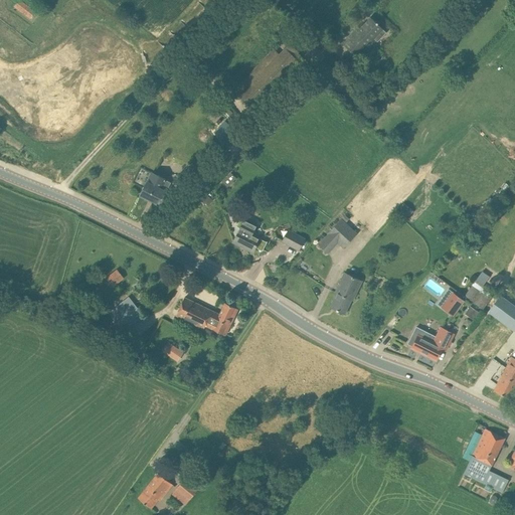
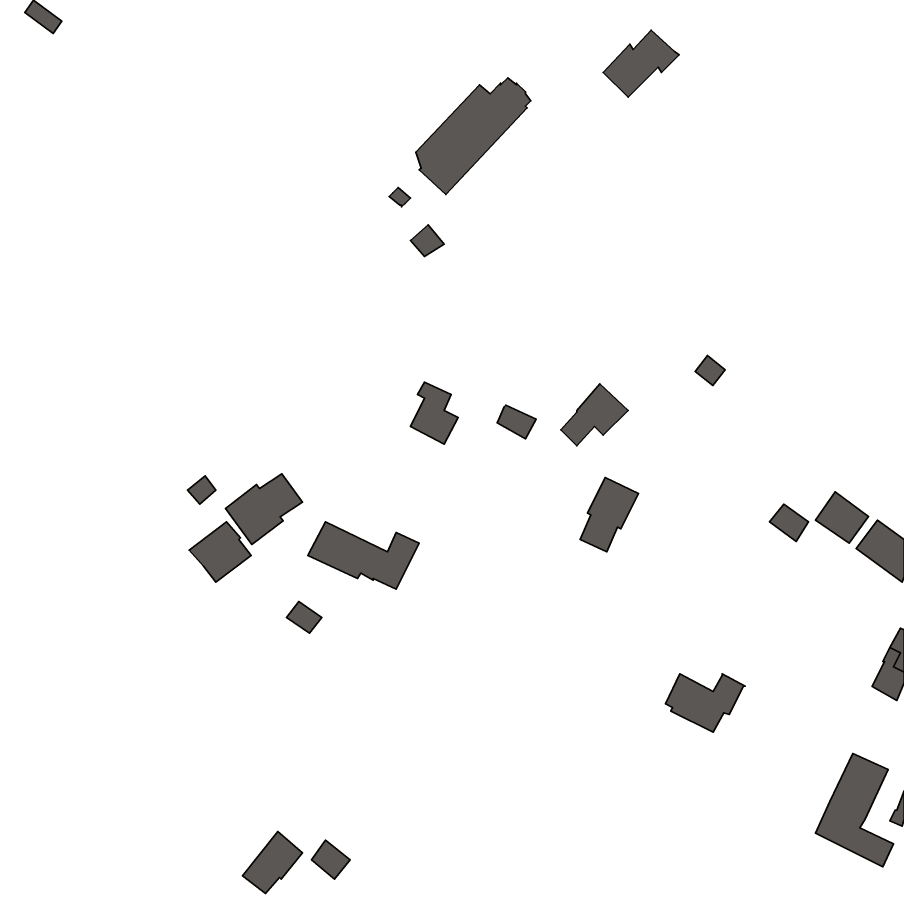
building: [140,171,171,205] -> none
building: none -> [225,474,303,544]
building: [408,327,454,360] -> [666,674,745,732]

